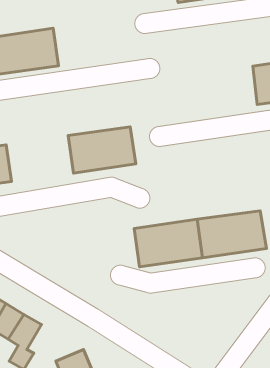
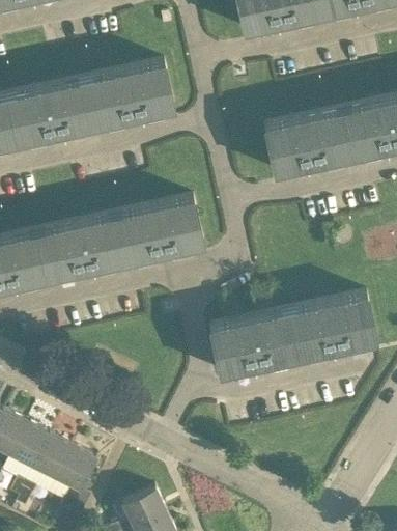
building: none -> [84,61,173,125]
building: none -> [261,108,352,174]
building: none -> [34,214,123,278]

